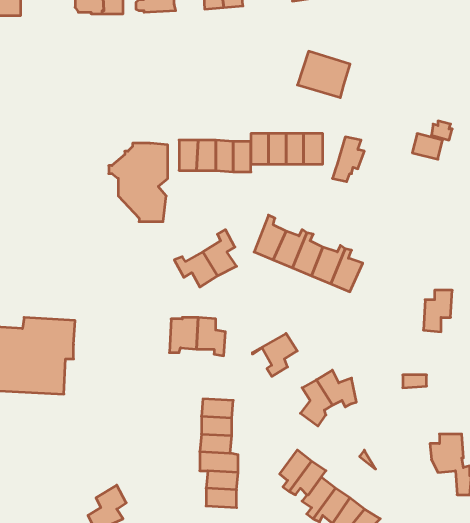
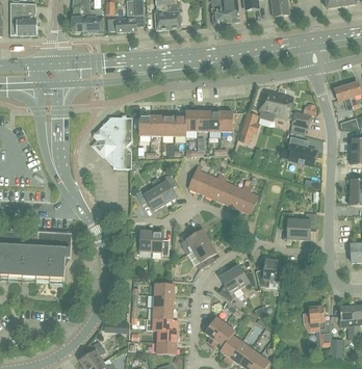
building: [297,51,350,98] -> [259,89,293,120]
building: none -> [288,136,317,165]
building: none -> [281,212,300,239]
building: none -> [179,229,209,254]
building: none -> [256,259,278,287]

